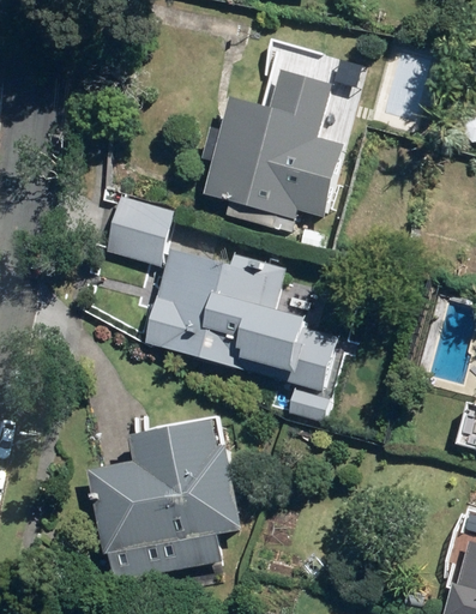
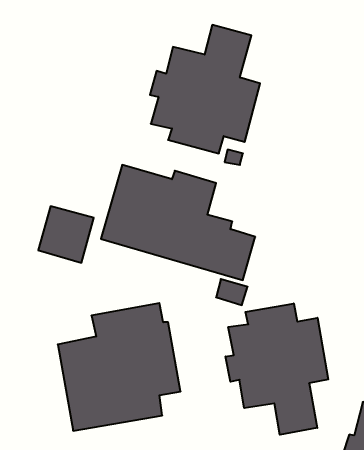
building: [104,194,174,265] -> [38,206,94,263]
building: none -> [226,303,328,435]

